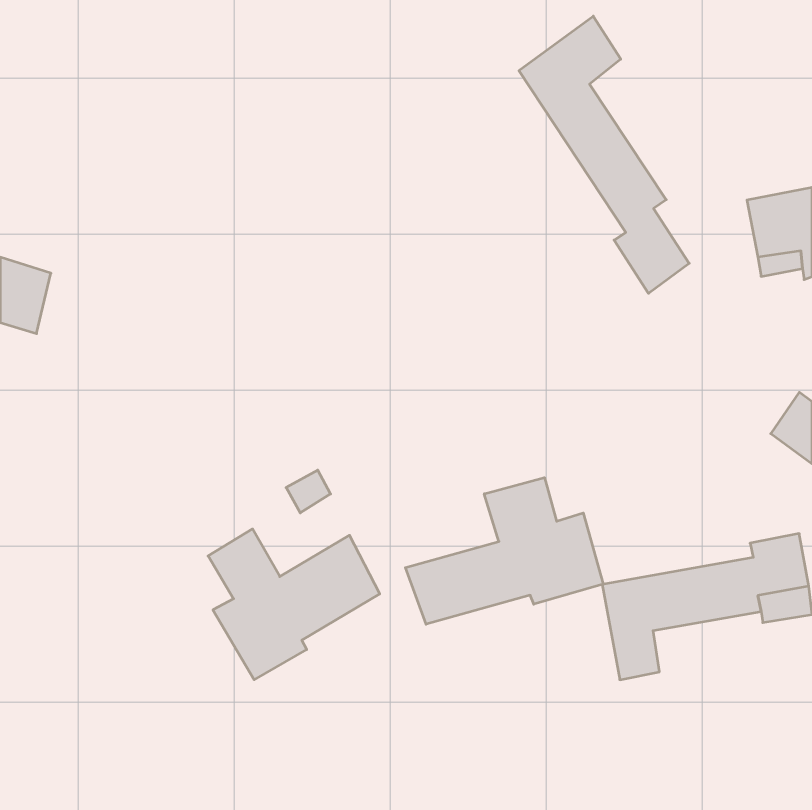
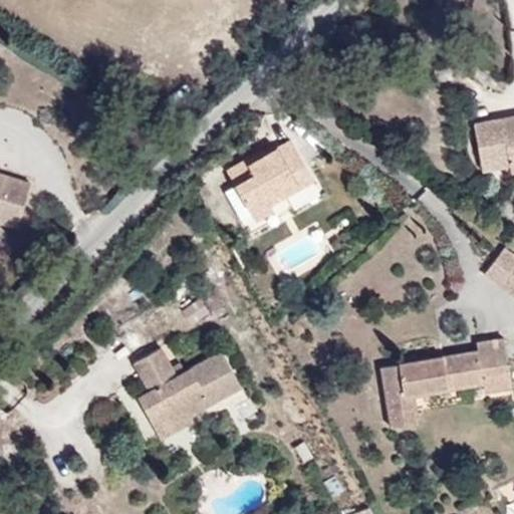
building: [519,16,689,293] -> none
building: none -> [234,143,315,223]
building: [405,478,603,624] -> none

